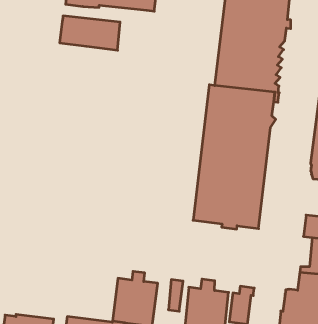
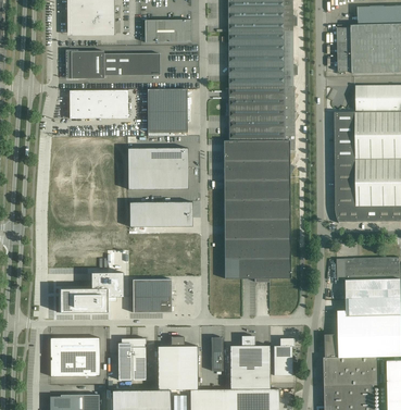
building: none -> [147,89,187,133]
building: none -> [128,148,188,190]
building: none -> [129,202,192,227]
building: none -> [61,273,124,313]
building: none -> [133,279,172,313]
building: none -> [50,338,100,376]
building: none -> [117,338,147,381]

